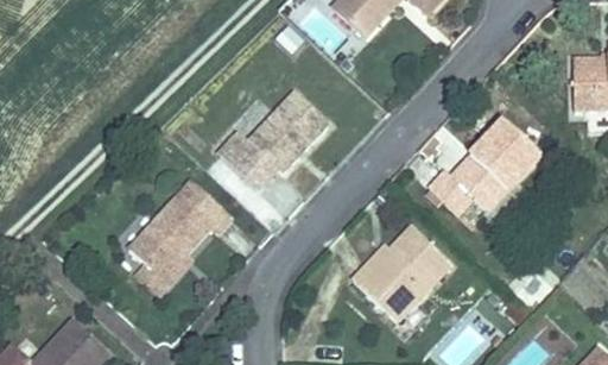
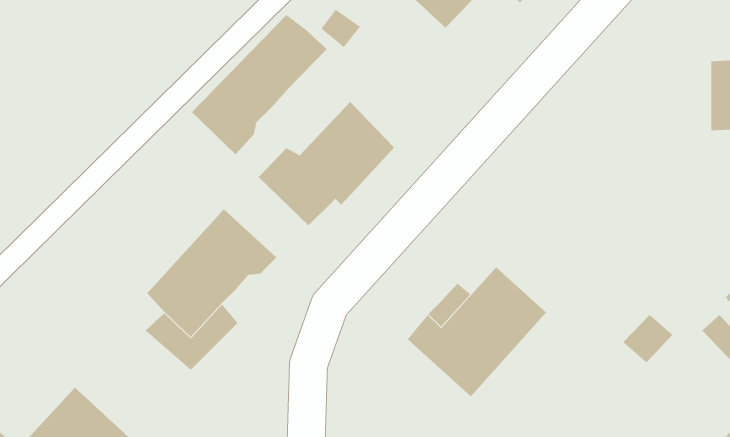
building: none -> [191,14,327,155]
building: [433,114,549,212] -> none

